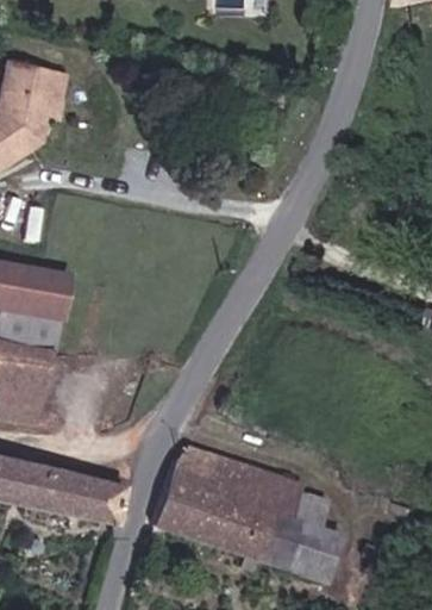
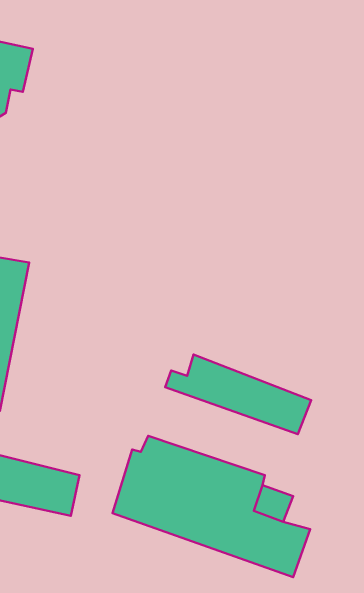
building: none -> [165,354,311,434]

